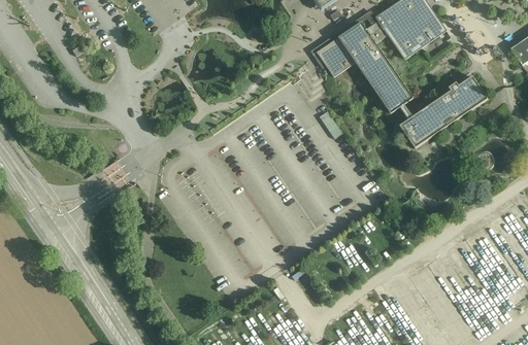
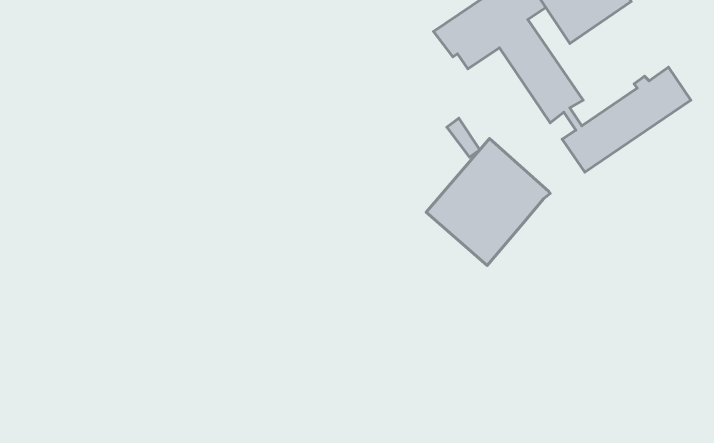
building: none -> [426,138,550,266]

